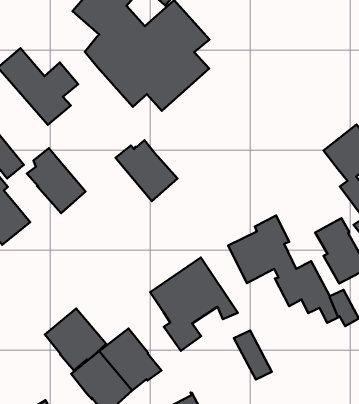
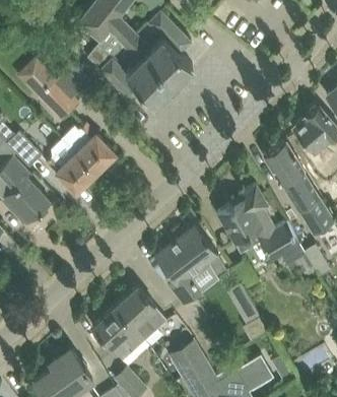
building: [115,140,178,201] -> [63,124,116,175]
building: none -> [263,142,311,198]
building: [45,309,106,370] -> none

